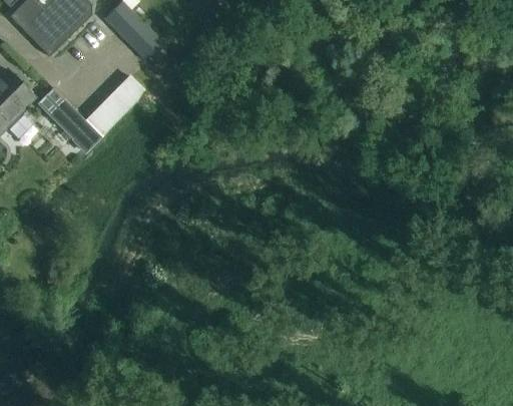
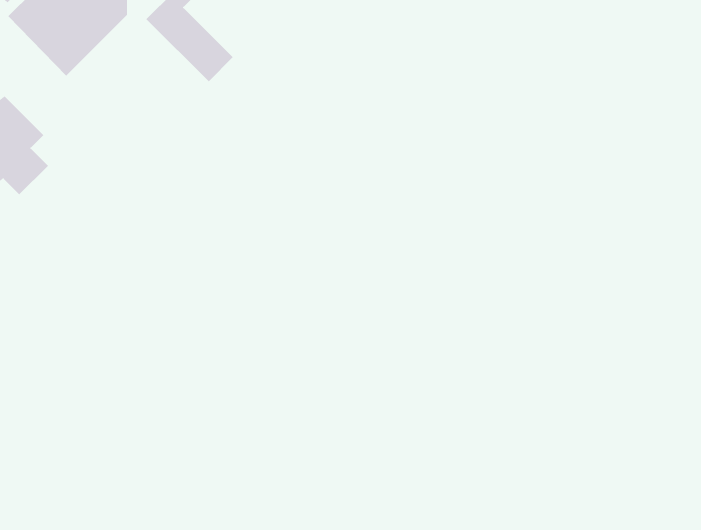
building: [87,70,149,133] -> none
building: [36,87,100,151] -> none

